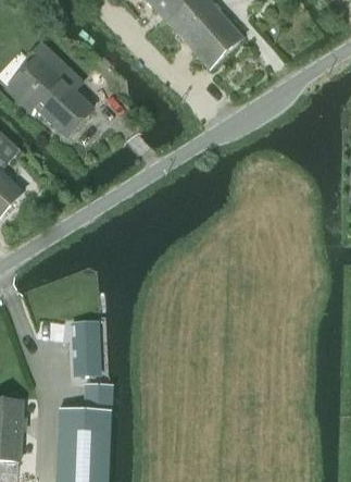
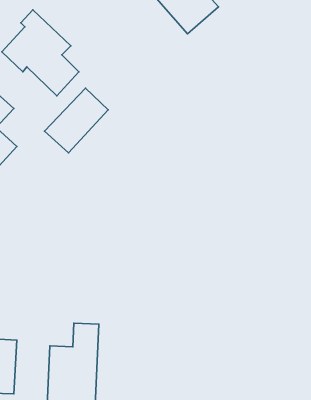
building: none -> [45,88,108,153]
building: [70,320,100,376] -> none

